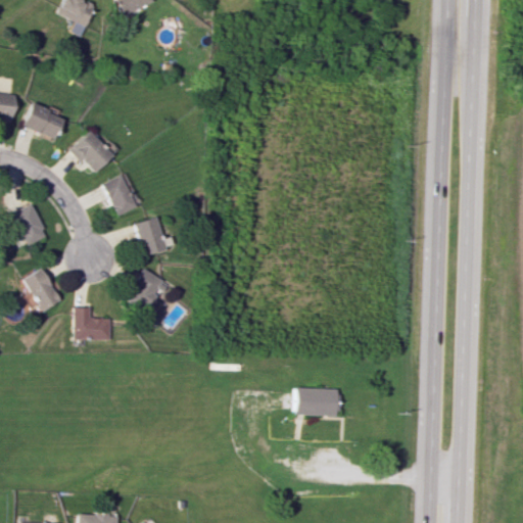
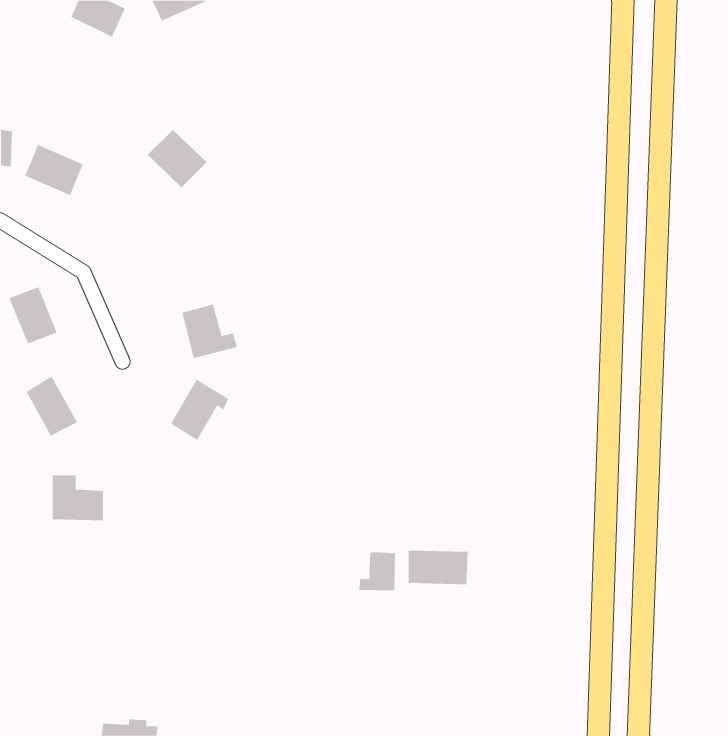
building: [72,130,114,172] -> [147,129,207,188]
building: [102,174,136,215] -> none
building: [75,306,111,339] -> [52,475,104,521]
building: none -> [359,552,395,591]

